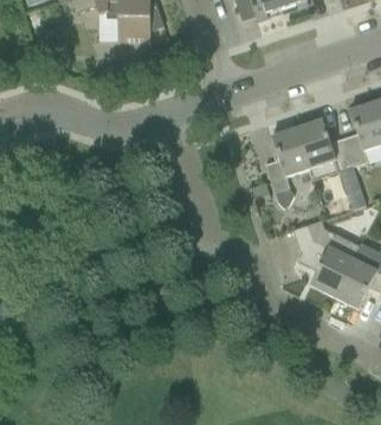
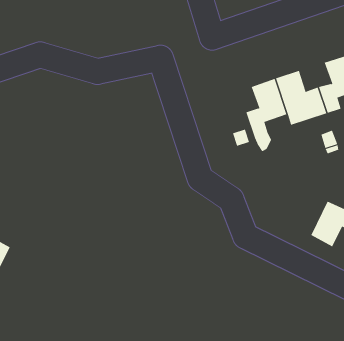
building: [293,219,360,296] -> none

